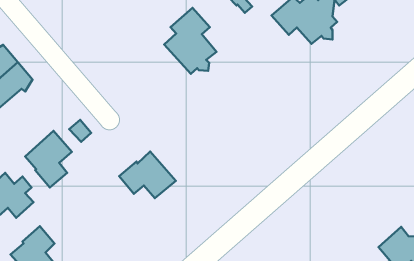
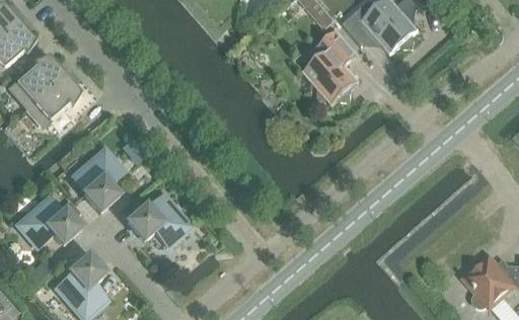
building: [164,8,216,74] -> [301,31,359,104]
building: [119,152,176,198] -> [127,193,190,245]

